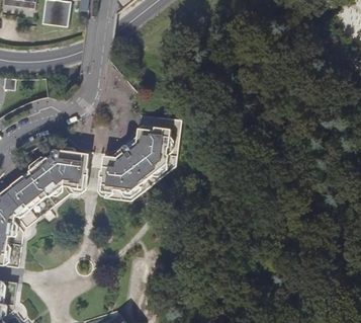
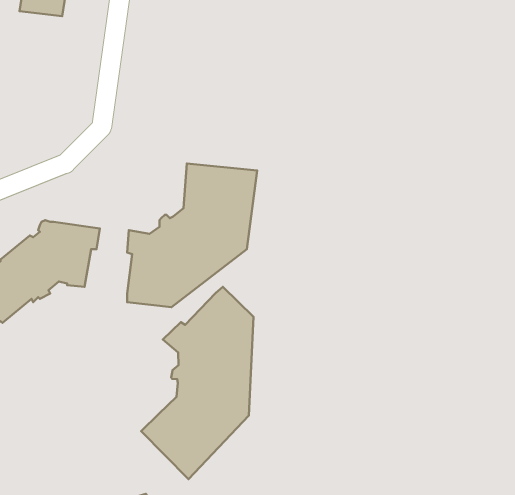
building: none -> [141,287,254,479]

